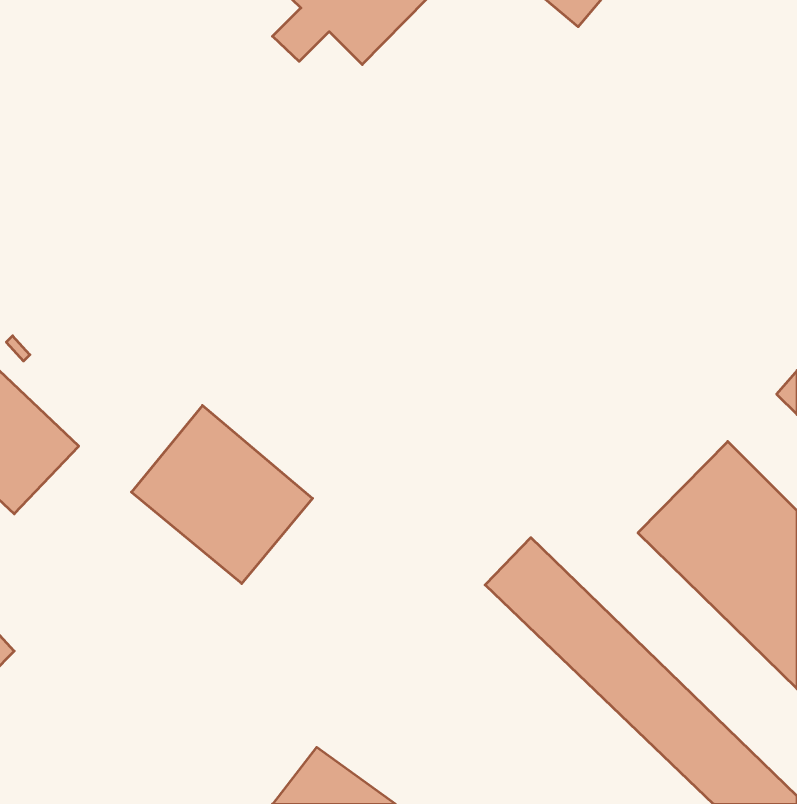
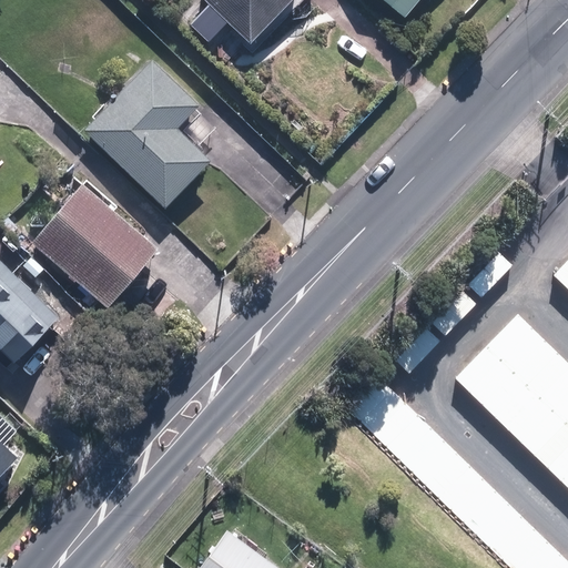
building: none -> [89,61,216,211]
building: [131,405,313,584] -> [34,183,162,308]

